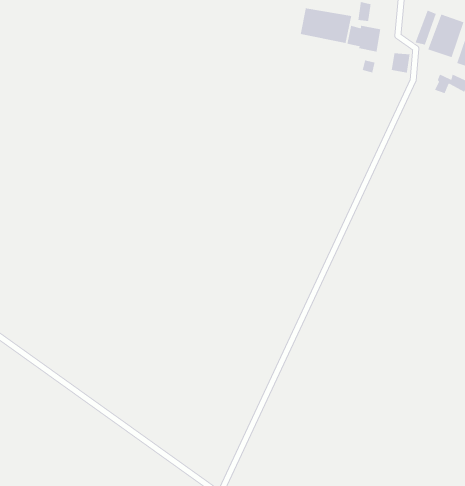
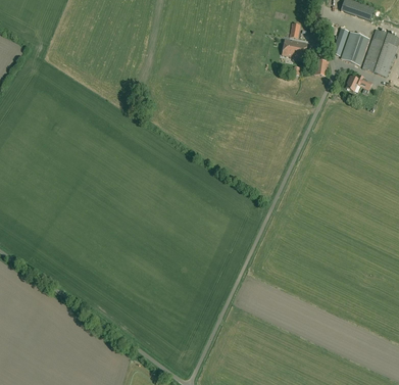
building: [300,8,352,44] -> none

